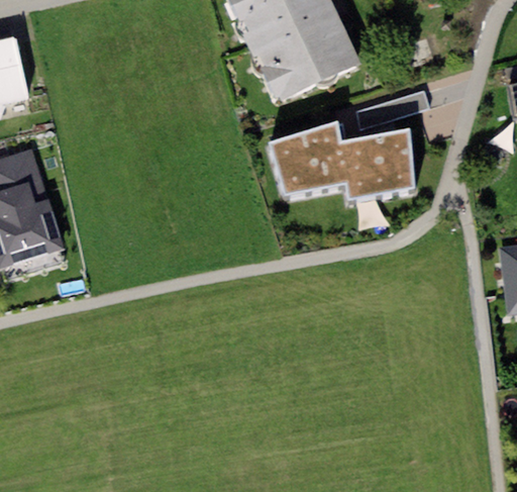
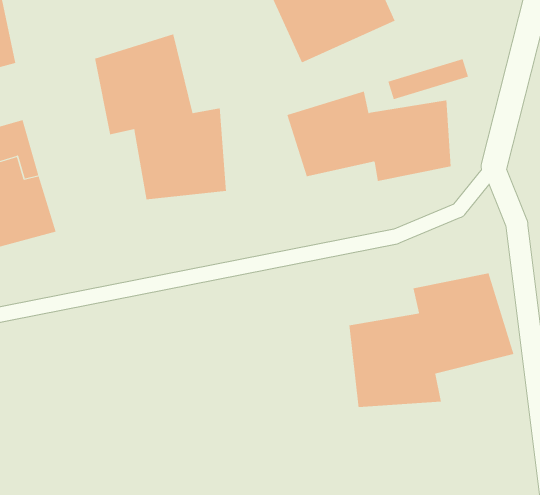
building: none -> [95,33,226,200]
building: none -> [349,273,514,408]

